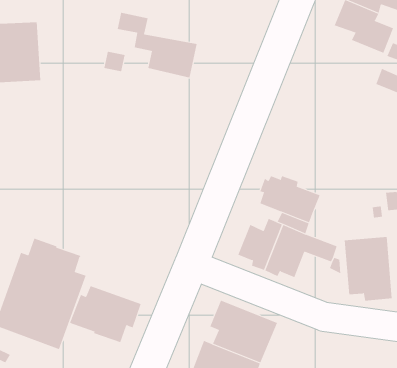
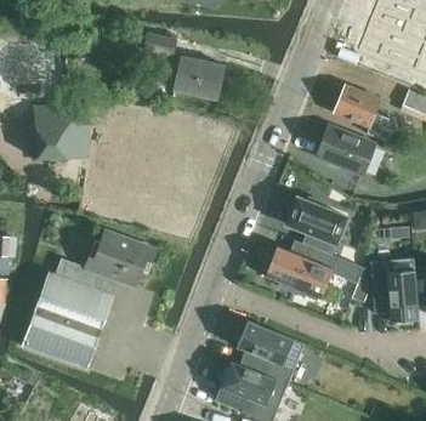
building: none -> [334,85,396,142]
building: none -> [34,104,89,159]
building: none -> [314,126,375,178]
building: [70,286,142,343] -> [85,231,157,288]

